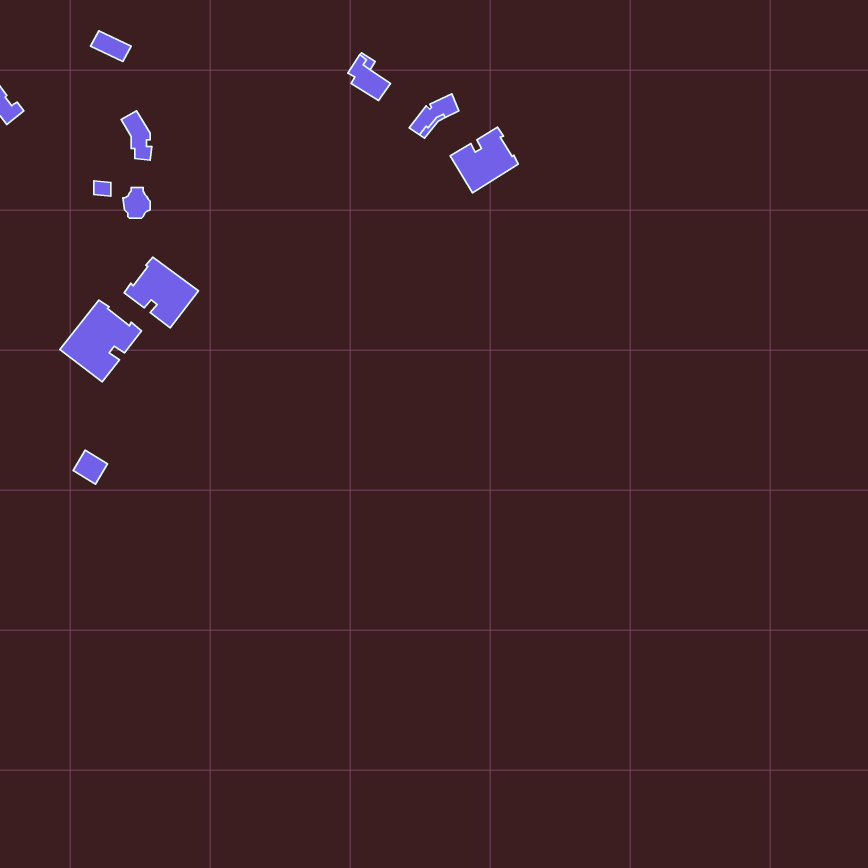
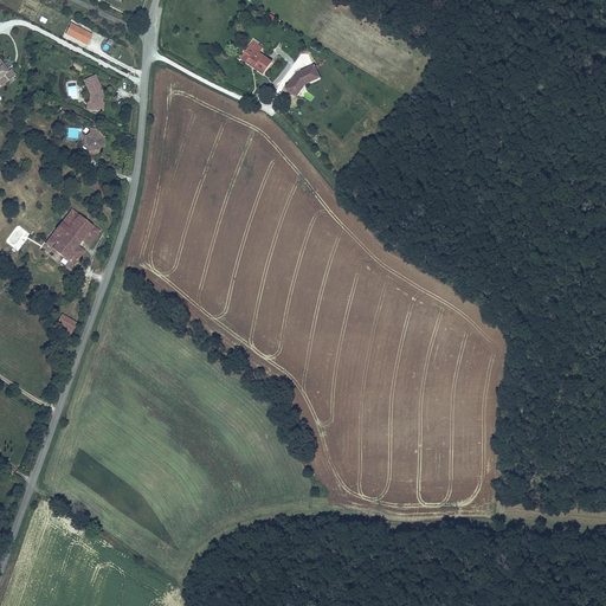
building: [450,127,518,193] -> none
building: [124,257,198,328] -> none

